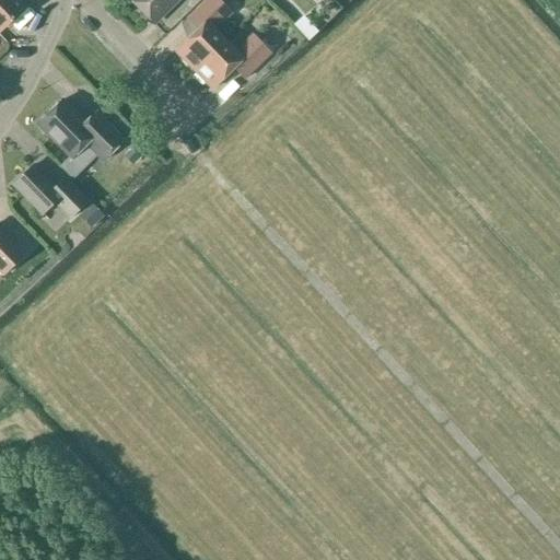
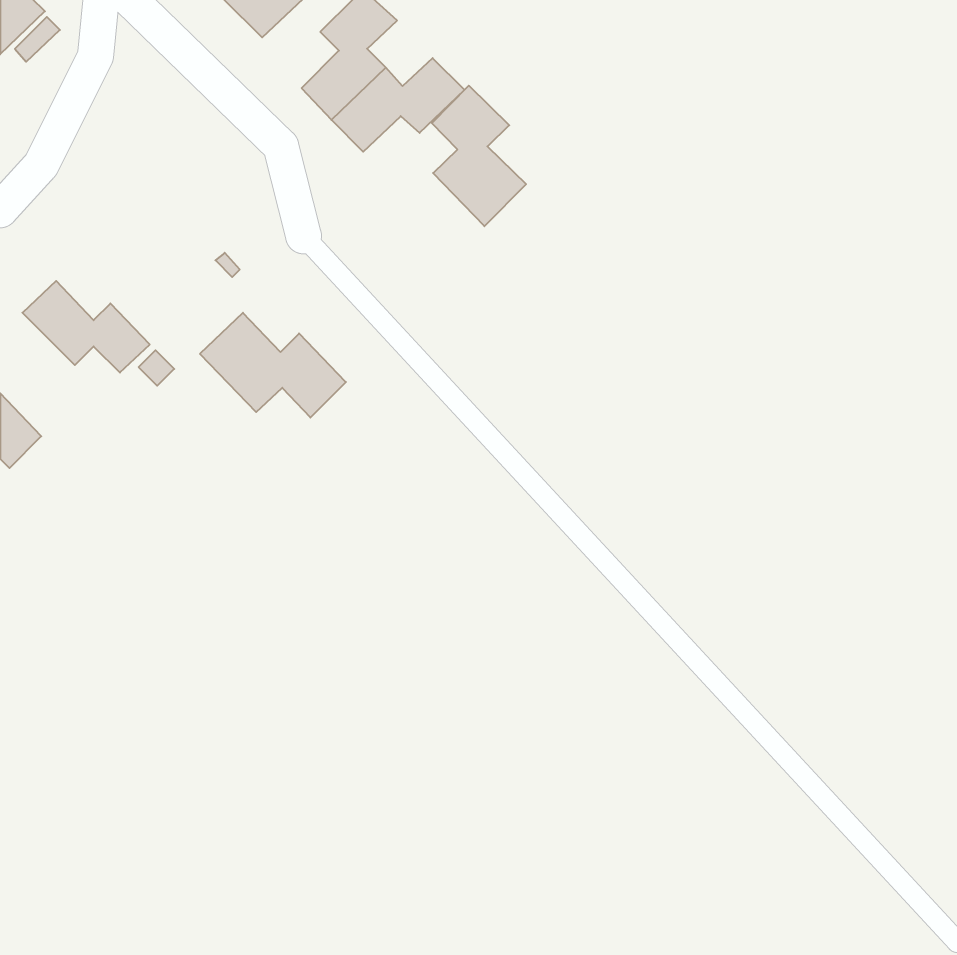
building: none -> [432,86,526,226]
building: [38,100,124,161] -> [200,313,346,418]

